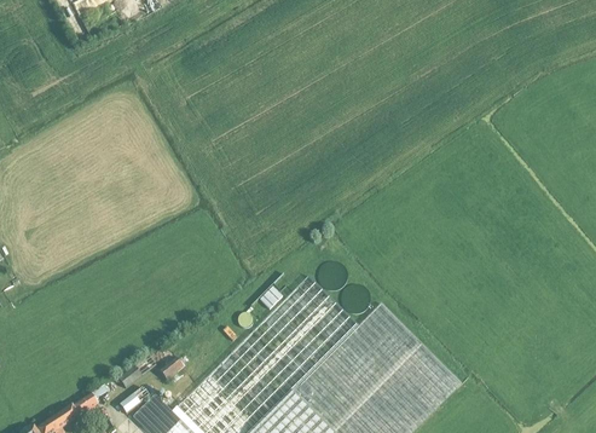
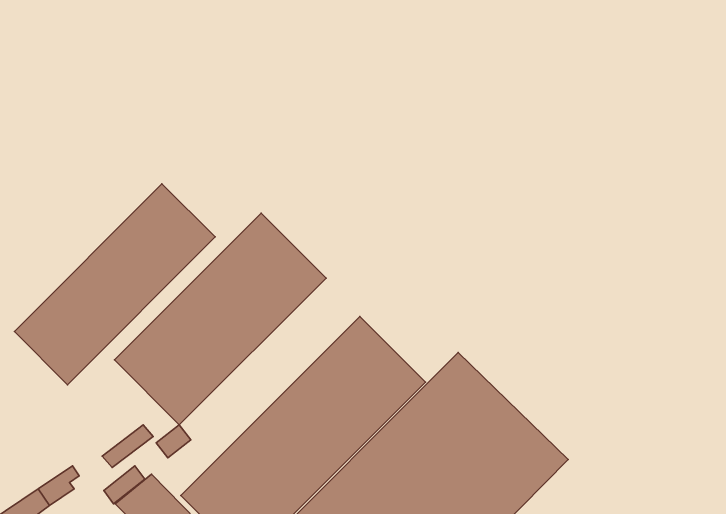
building: none -> [14,184,215,385]
building: none -> [114,213,326,425]

